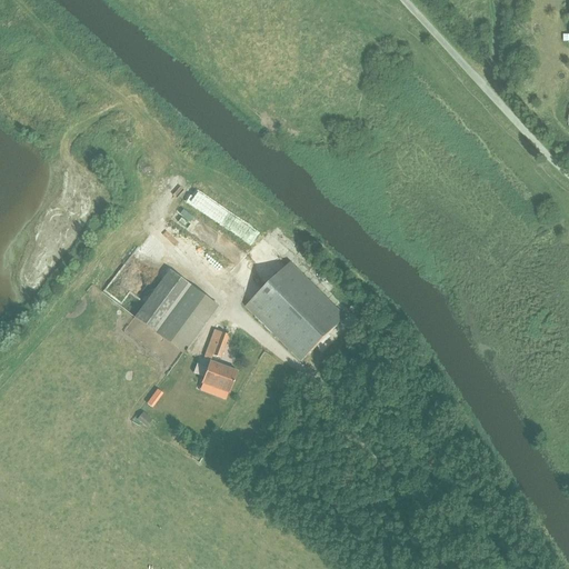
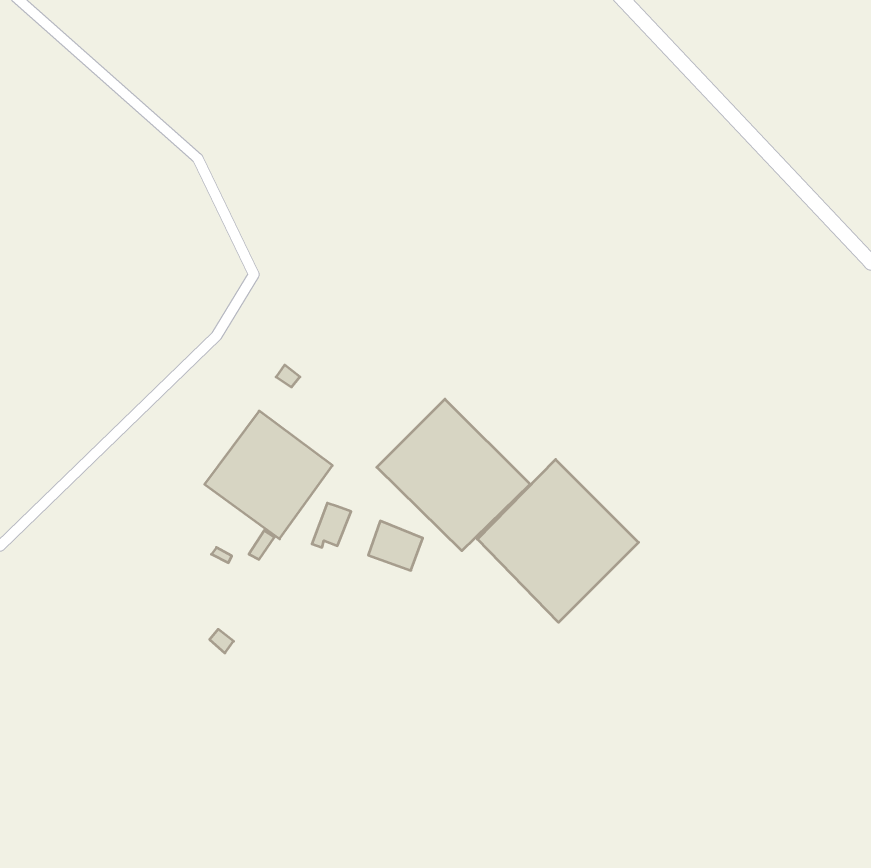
building: none -> [477,459,639,622]
building: [201,359,237,391] -> [368,521,423,570]

